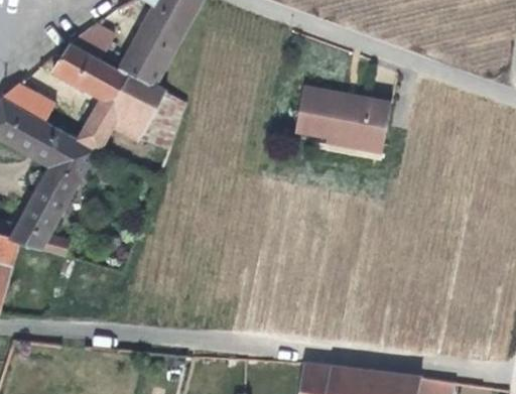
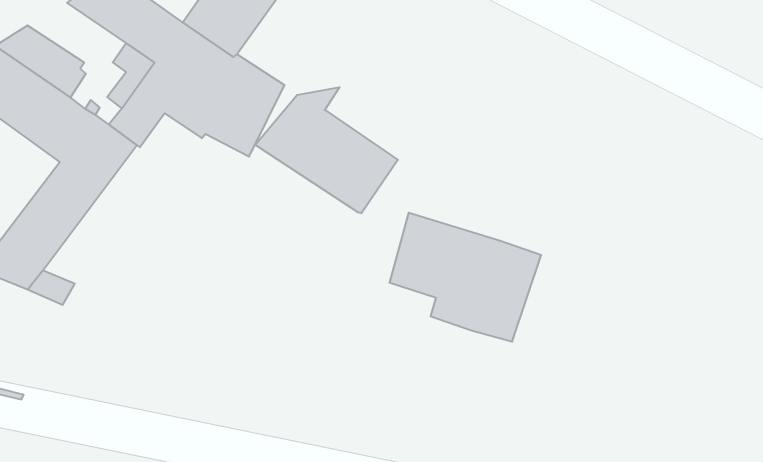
building: [297,90,391,163] -> [389,213,541,342]
building: none -> [255,87,398,213]

